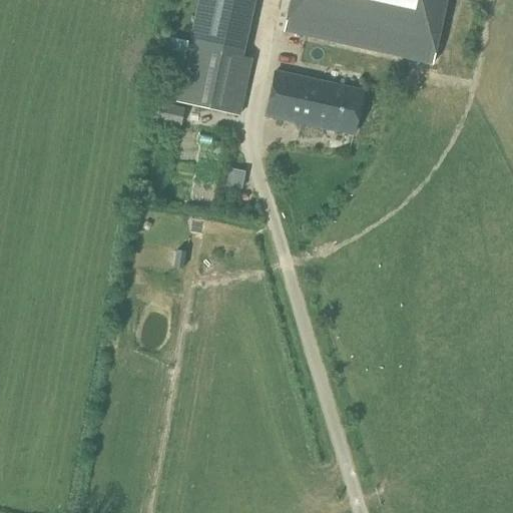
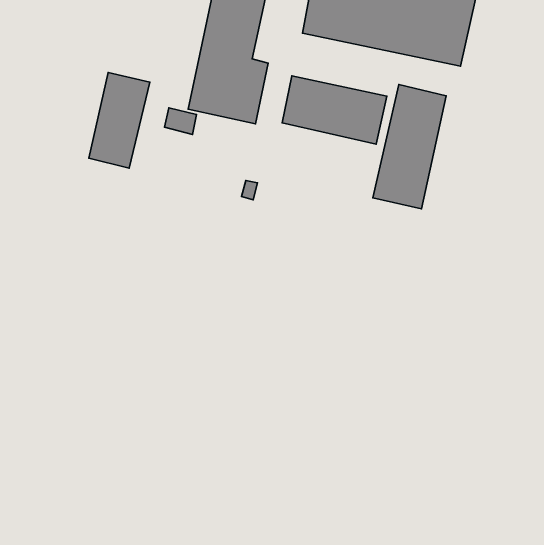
building: none -> [89,72,150,168]
building: none -> [373,84,446,209]

